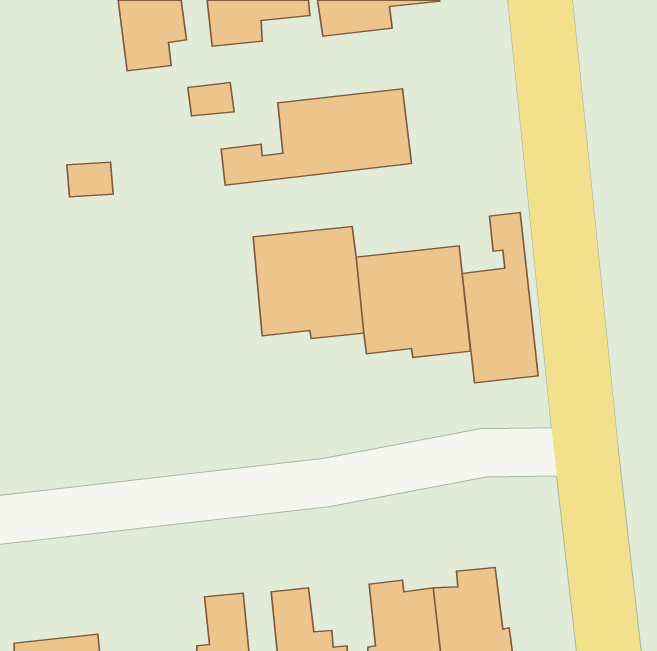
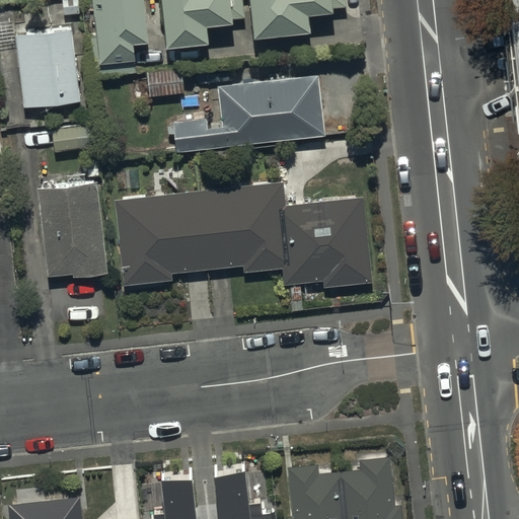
building: none -> [15,36,79,117]
building: [462,213,538,383] -> none
building: none -> [38,184,109,288]
building: none -> [116,192,207,285]

